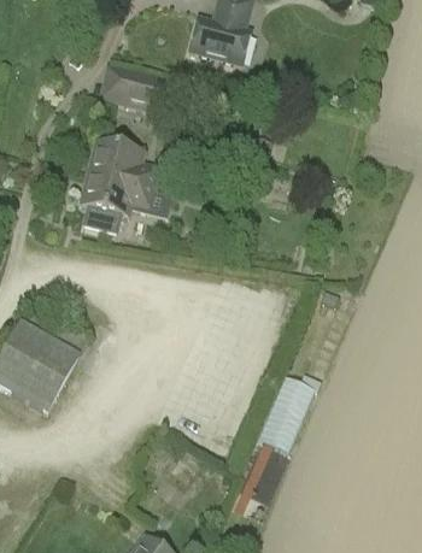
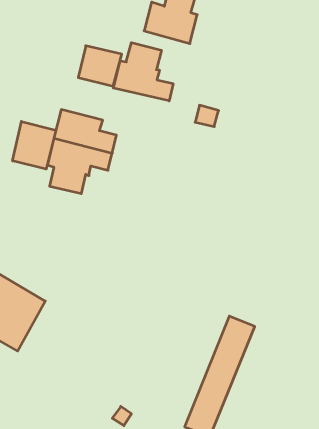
building: none -> [113,43,173,101]
building: none -> [13,121,56,169]

